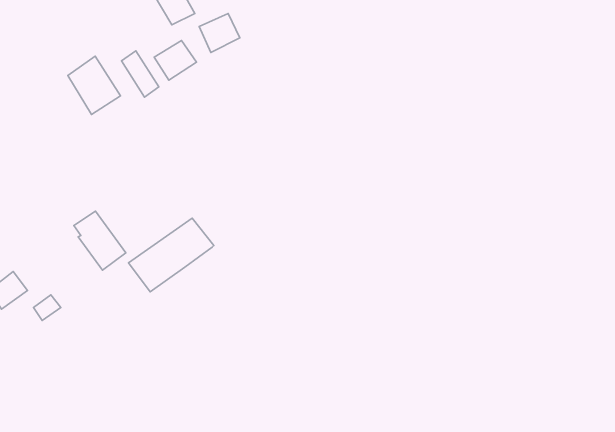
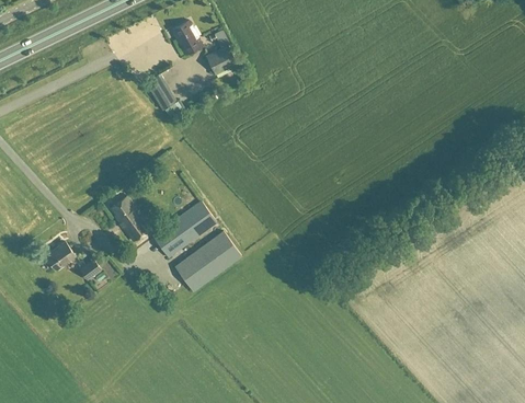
building: [154,41,197,80] -> none
building: [68,56,120,114] -> none
building: none -> [174,231,241,291]

